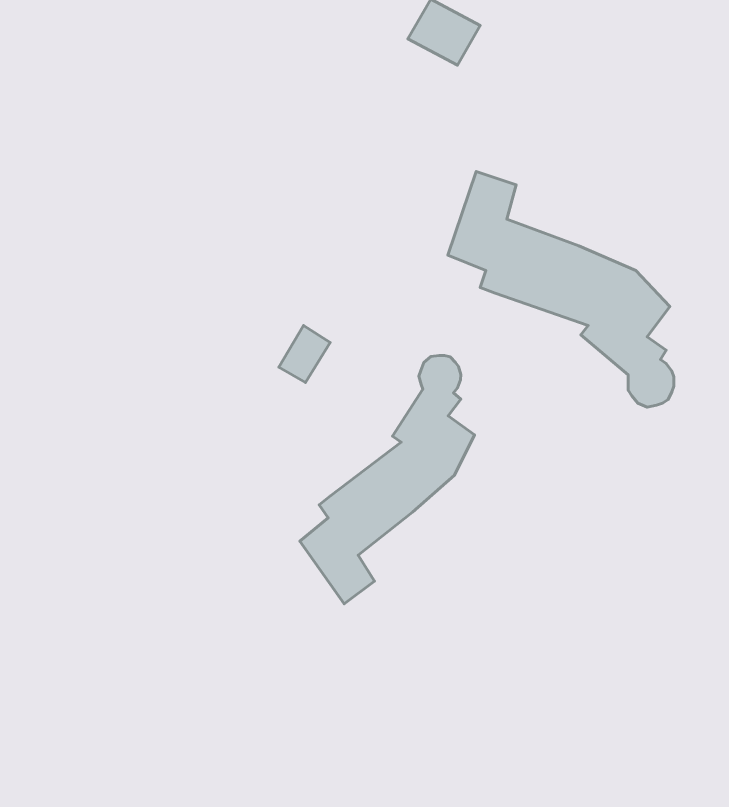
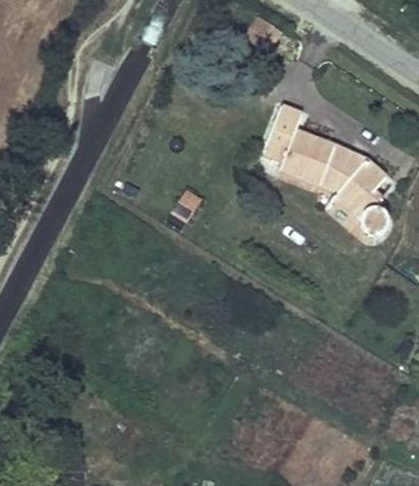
building: [300,355,475,604] -> none

